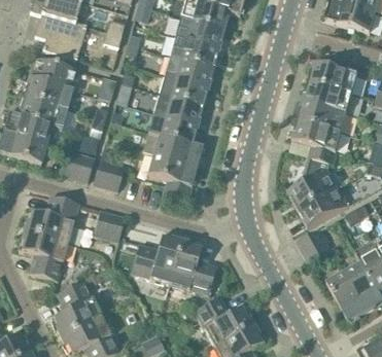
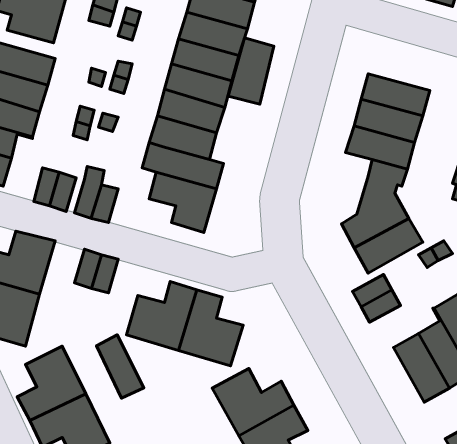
building: [308,55,358,94] -> none
building: none -> [228,38,274,104]
building: none -> [96,335,144,398]

